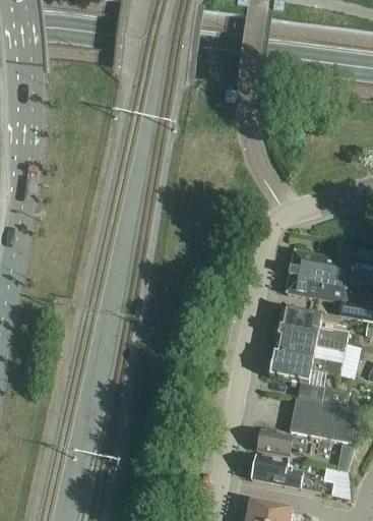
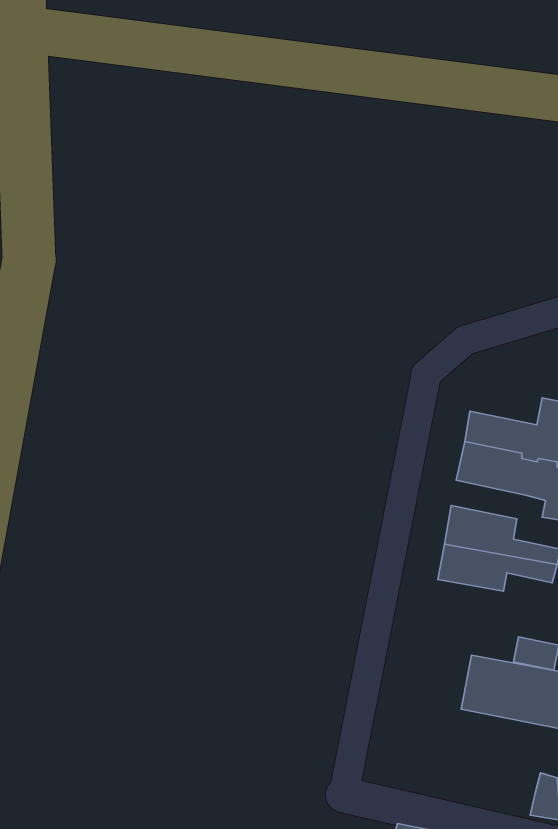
building: [267,351,339,383] -> none
building: [253,428,309,455] -> none
building: [249,454,321,490] -> none

